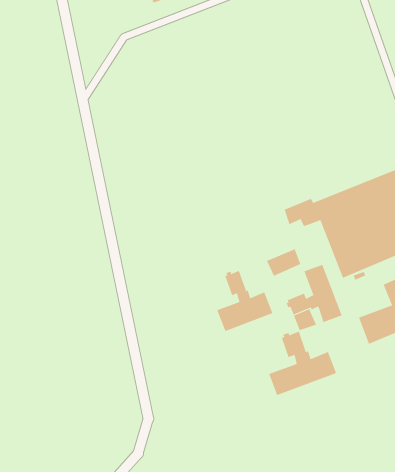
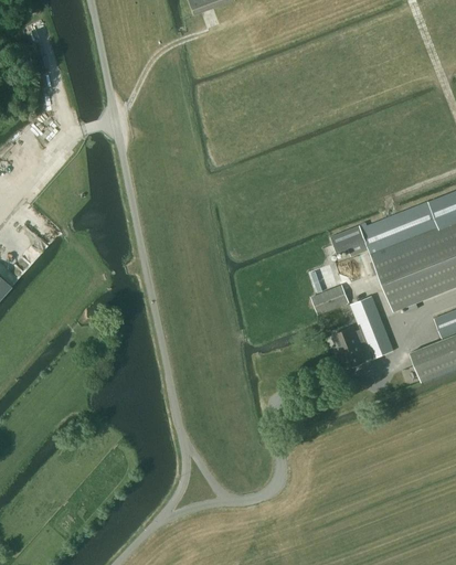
building: [216,270,273,332] -> none
building: [268,331,337,396] -> none

